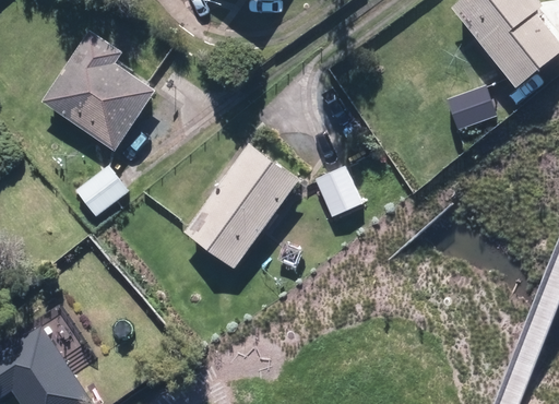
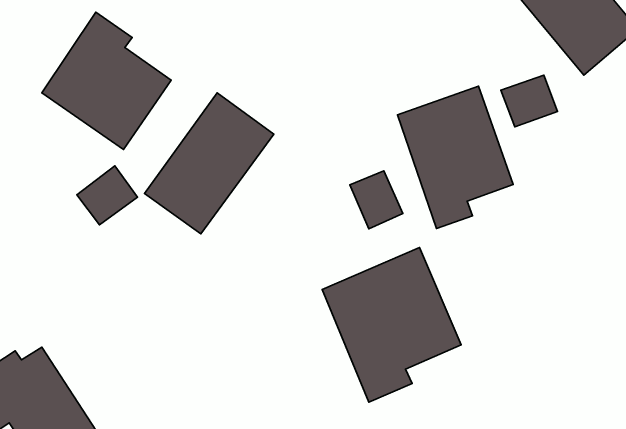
building: none -> [398,86,513,229]
building: [186,144,298,266] -> [144,93,274,234]
building: none -> [322,248,461,402]

